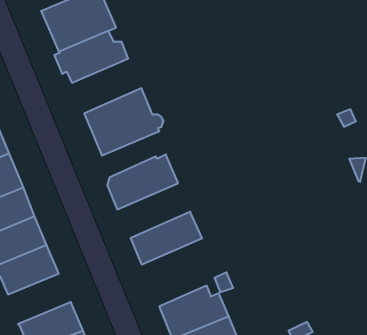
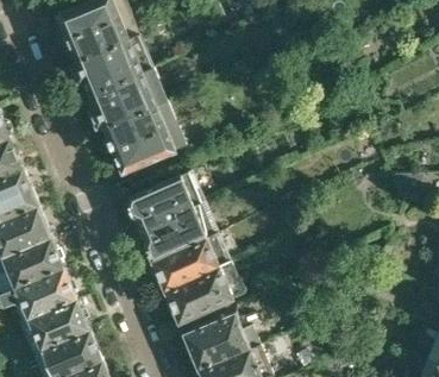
building: none -> [90,67,167,127]
building: none -> [140,201,219,260]
building: none -> [167,260,245,321]
building: none -> [21,299,90,353]

